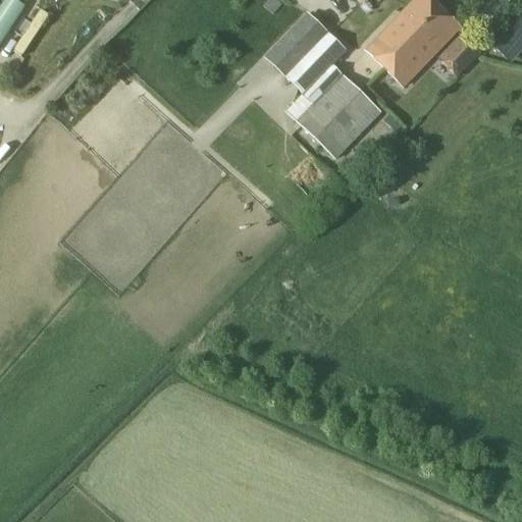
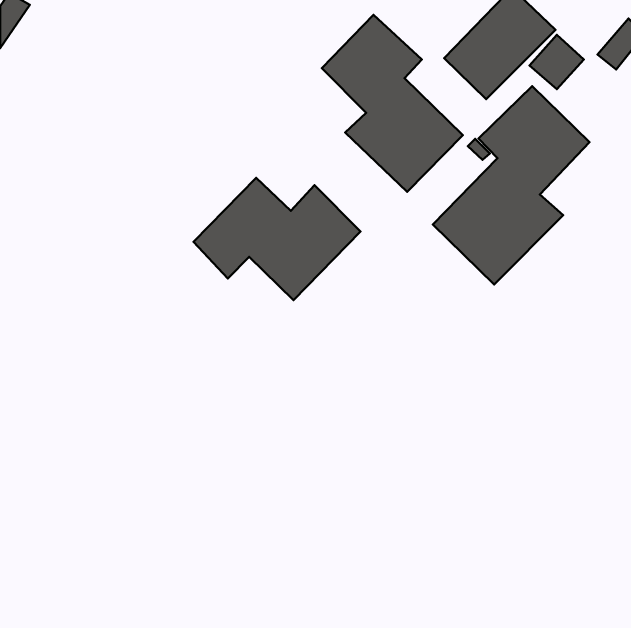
building: none -> [433,86,590,285]
building: none -> [194,178,360,300]

